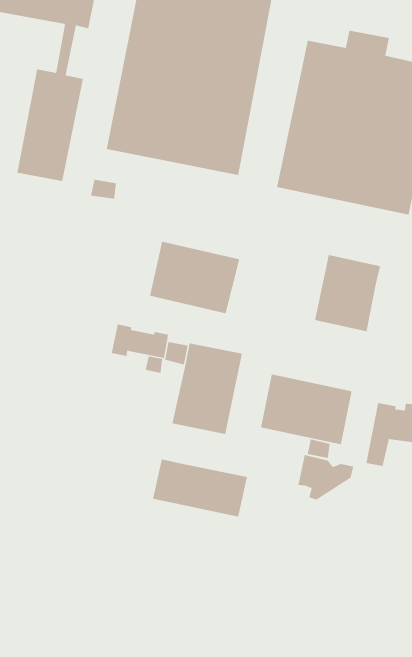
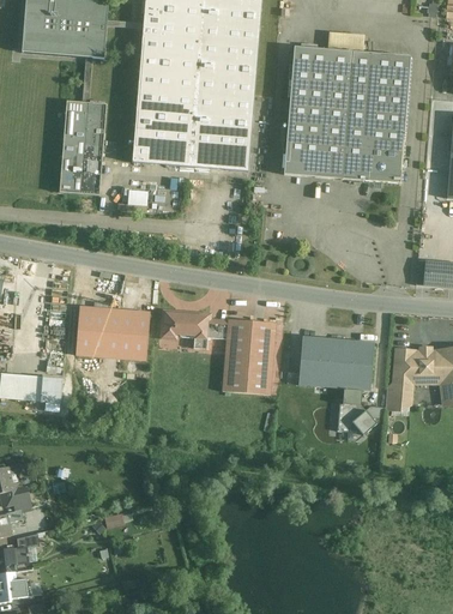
building: [149,241,240,314] -> [72,303,146,360]
building: [314,254,381,332] -> none
building: [152,458,248,518] -> none

